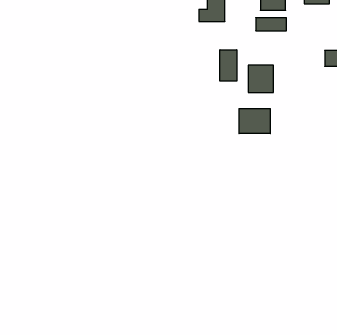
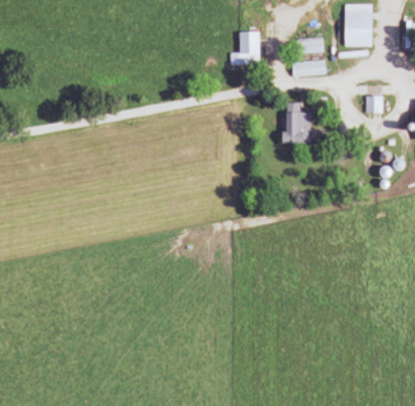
building: [220,50,237,81] -> none
building: [239,109,270,134] -> none

